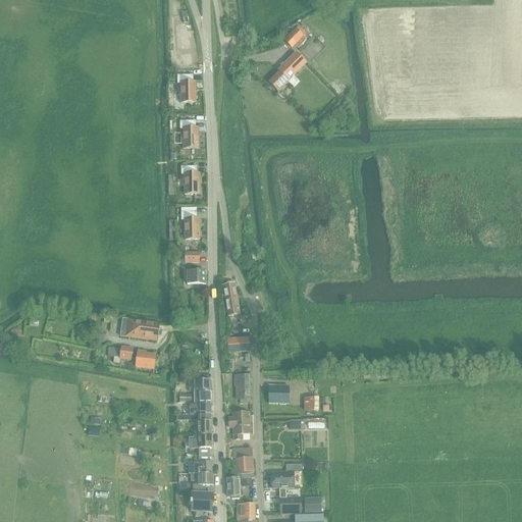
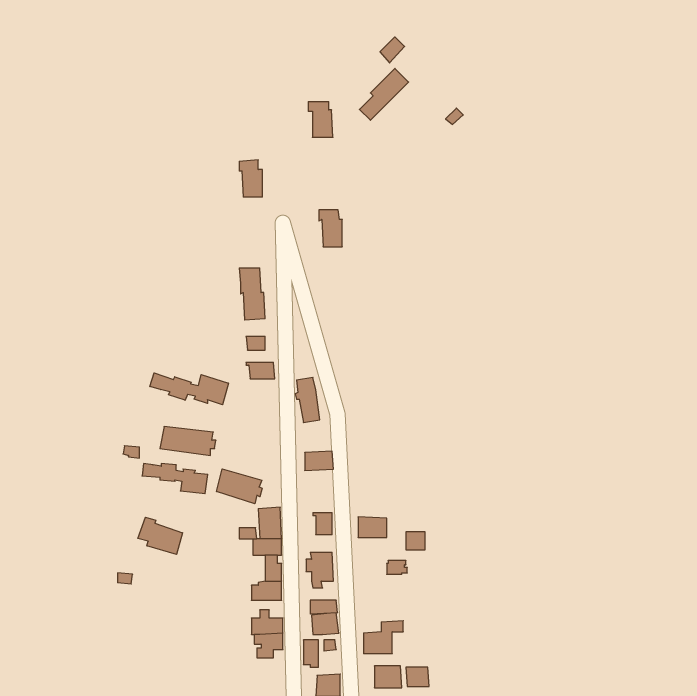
building: [175,74,194,101] -> [308,102,333,137]
building: [179,165,197,193] -> [319,210,342,247]
building: none -> [150,373,228,405]
building: none -> [217,469,262,504]
building: none -> [138,517,183,554]
building: [190,492,210,515] -> none

